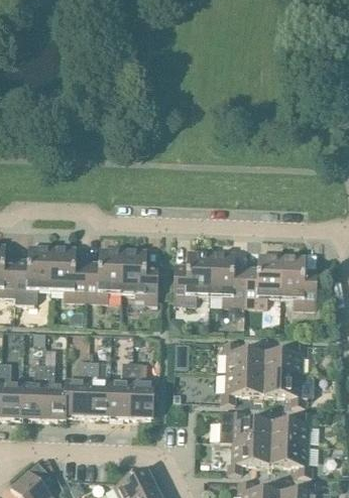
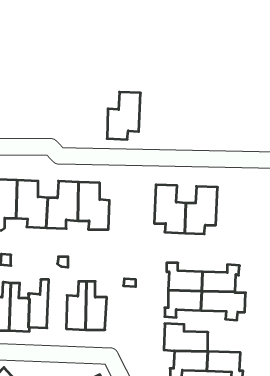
building: [172,251,211,305] -> [107,92,141,139]
building: [279,255,317,309] -> none
building: [86,361,109,417] -> none
building: [270,414,313,445] -> none

